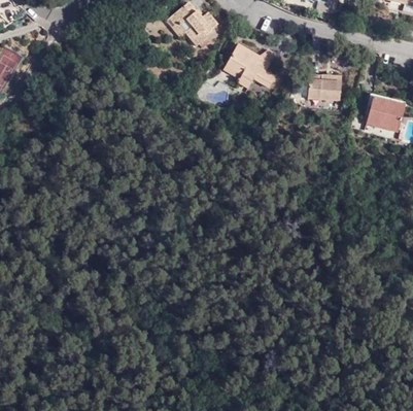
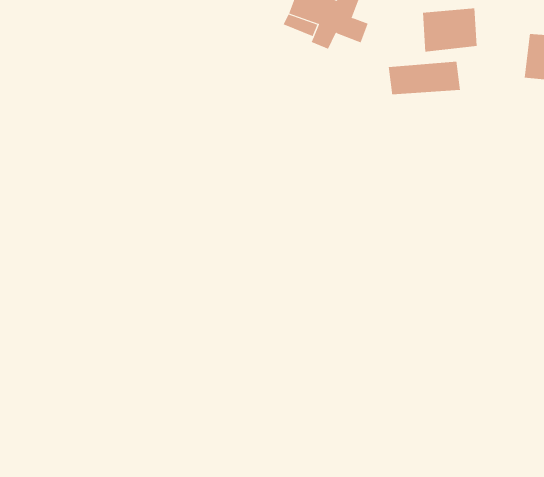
building: none -> [388,61,460,95]

